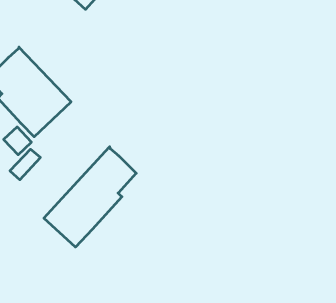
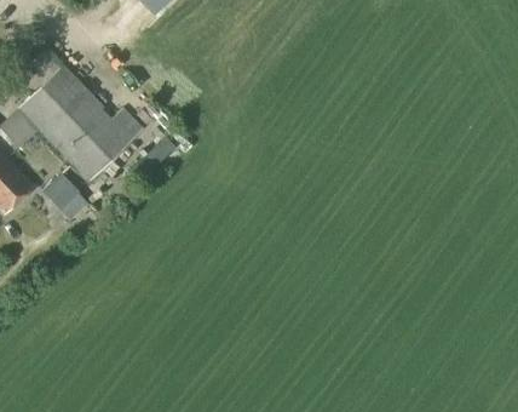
building: [44,147,136,247] -> none

